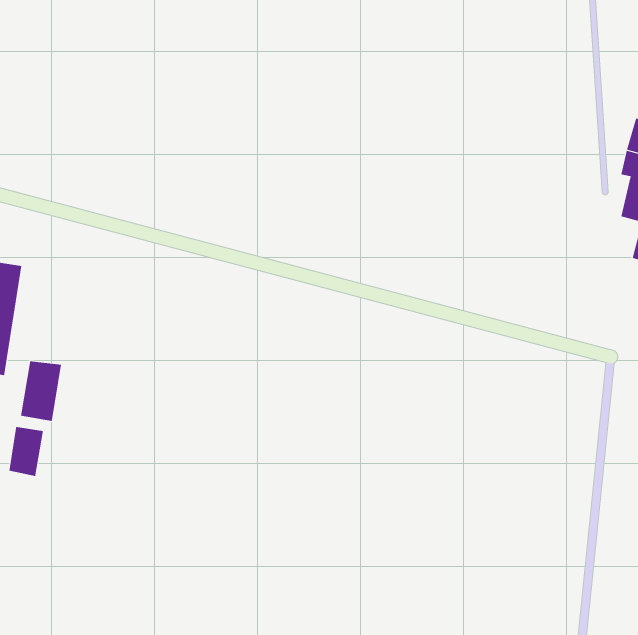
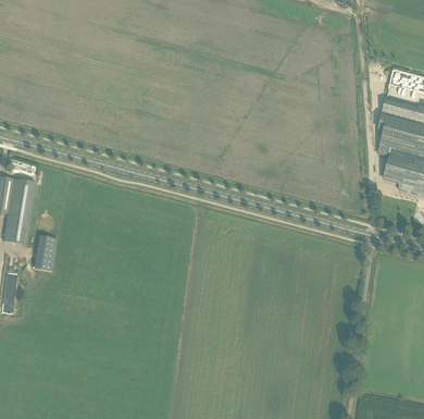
building: [9,426,43,477] -> none

